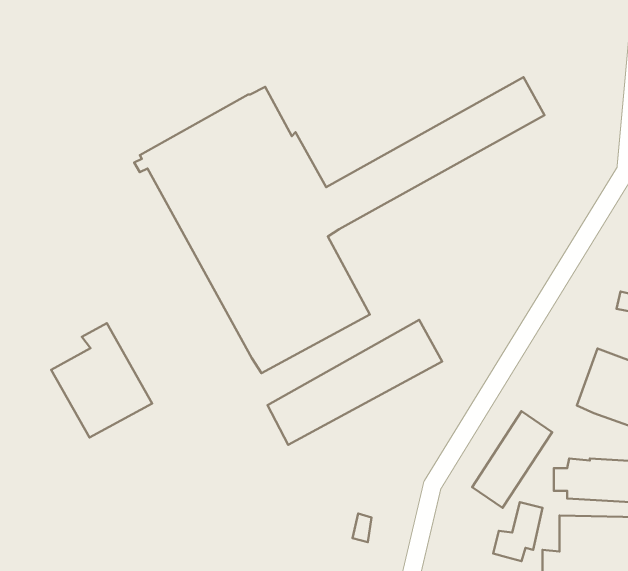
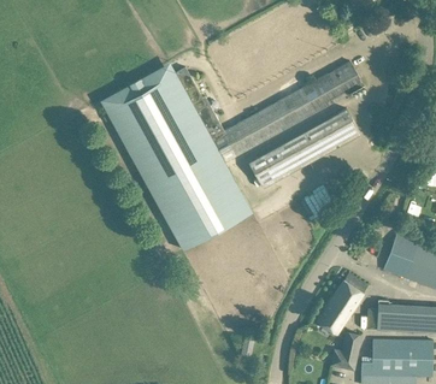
building: [267,320,442,445] -> [248,107,359,187]
building: [51,323,152,438] -> none

